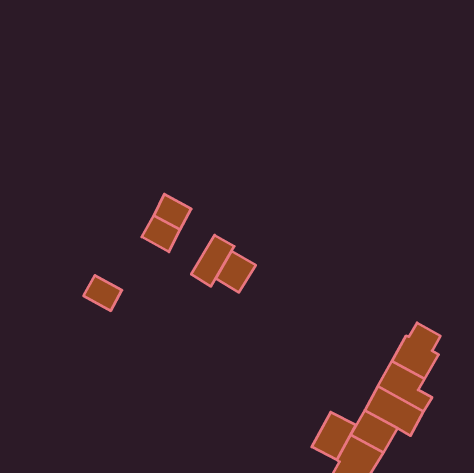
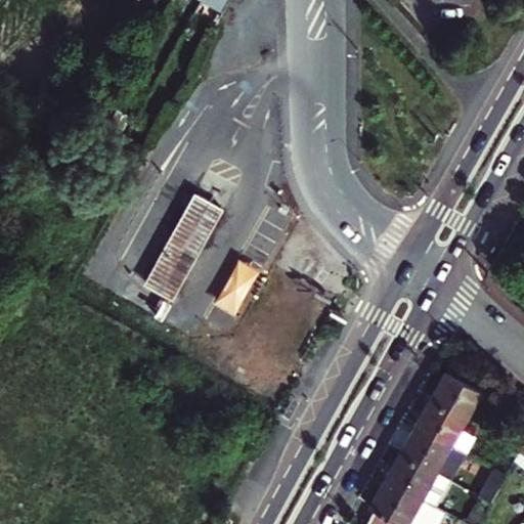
building: none -> [180,194,223,233]
building: [216,251,256,292] -> none
building: [84,275,122,311] -> [143,264,185,303]
building: [312,412,356,460] -> none

